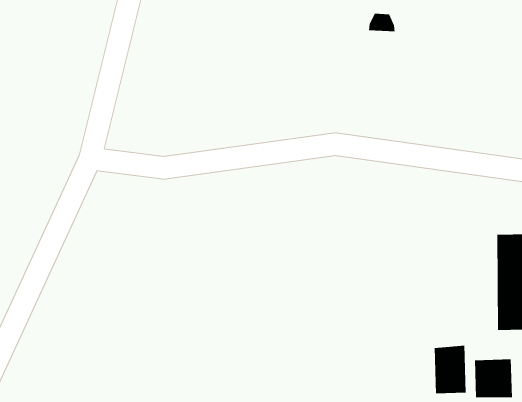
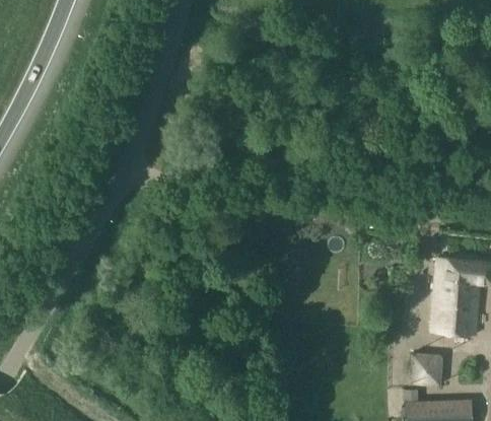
building: [434,345,466,394] -> none

